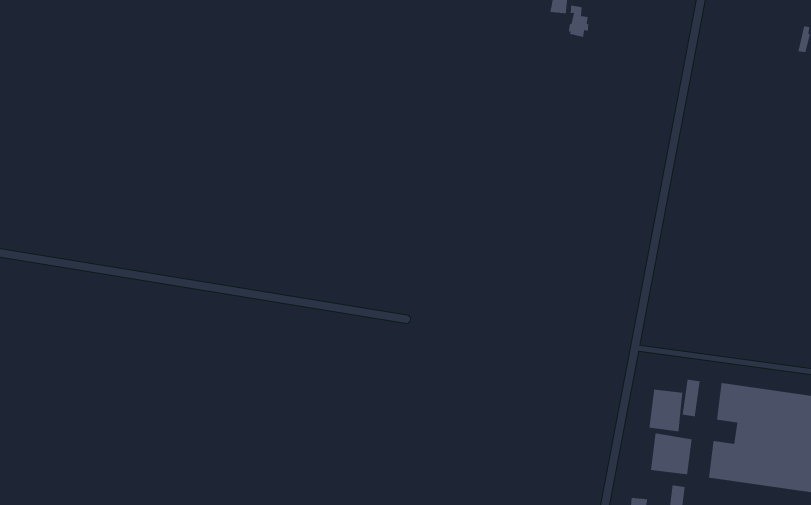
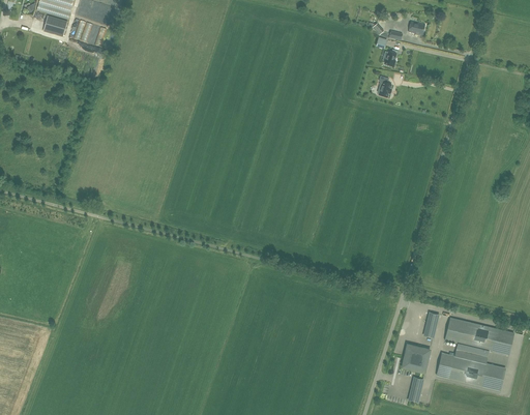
building: [649,389,683,432] -> none

